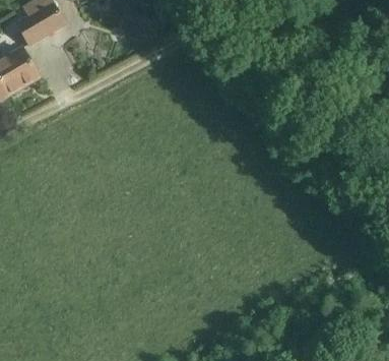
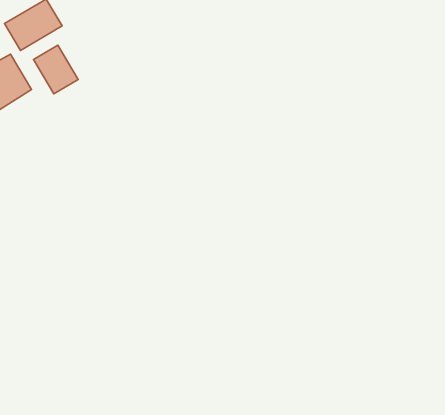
building: none -> [34,45,78,94]

